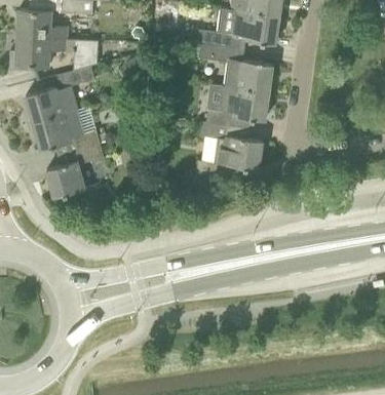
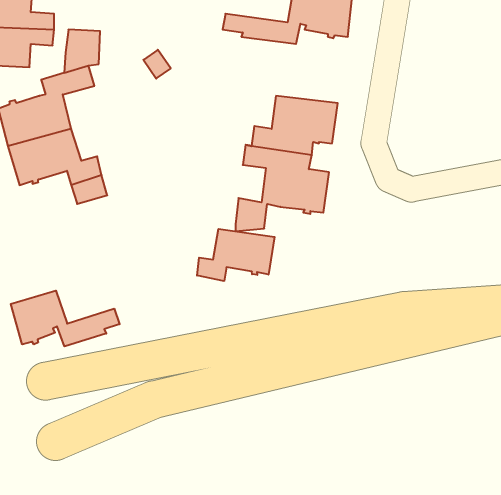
building: [198,45,272,92] -> none
building: [46,161,84,198] -> none
building: none -> [197,229,275,281]
building: none -> [11,291,120,346]

